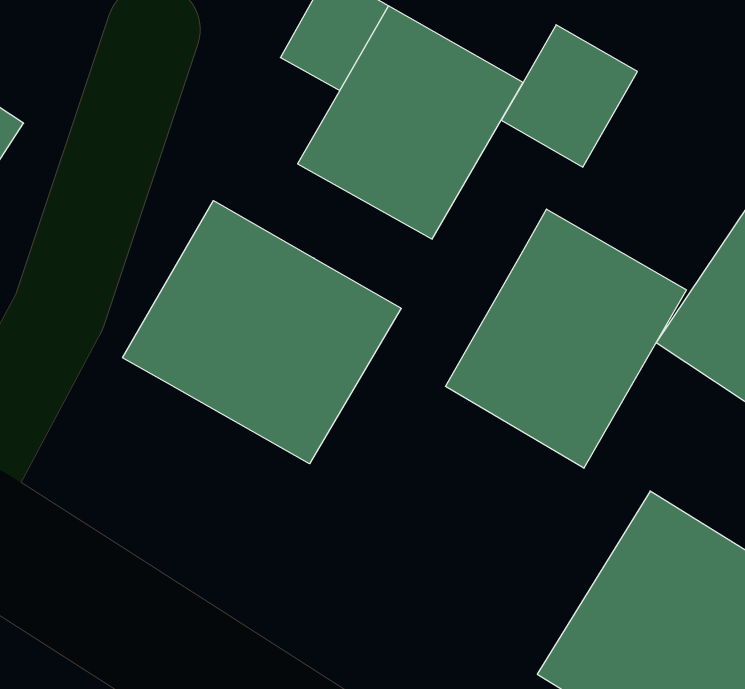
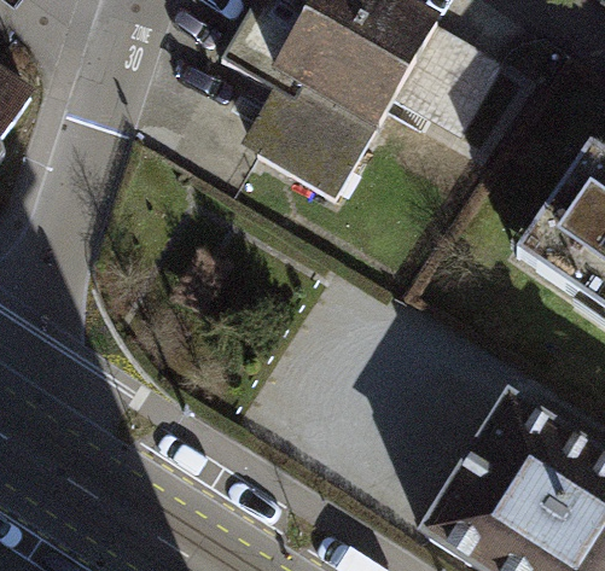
building: [123,201,401,464] -> none
building: [446,209,686,468] -> none

